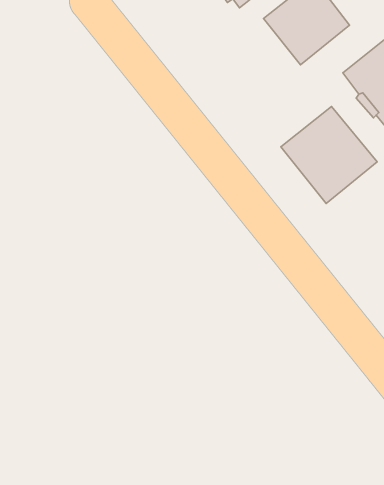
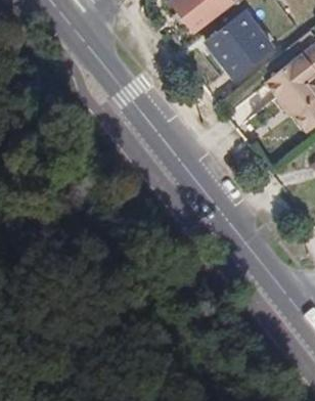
building: [281,107,377,203] -> none

